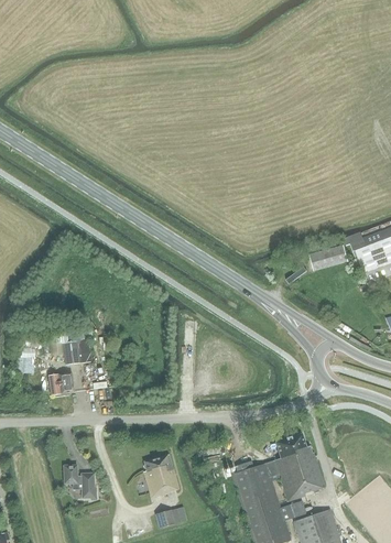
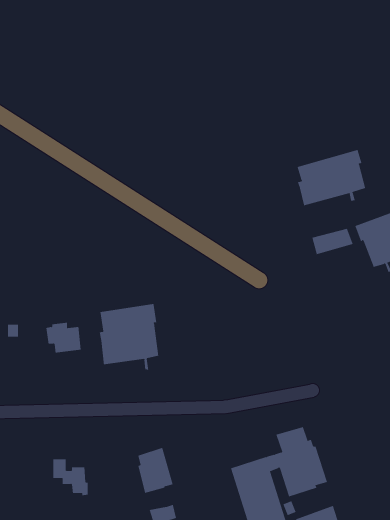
building: none -> [297,149,366,206]
building: none -> [99,303,159,370]
building: [48,372,75,395] -> none

